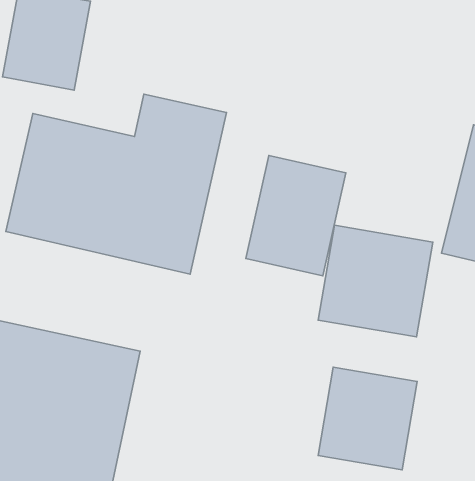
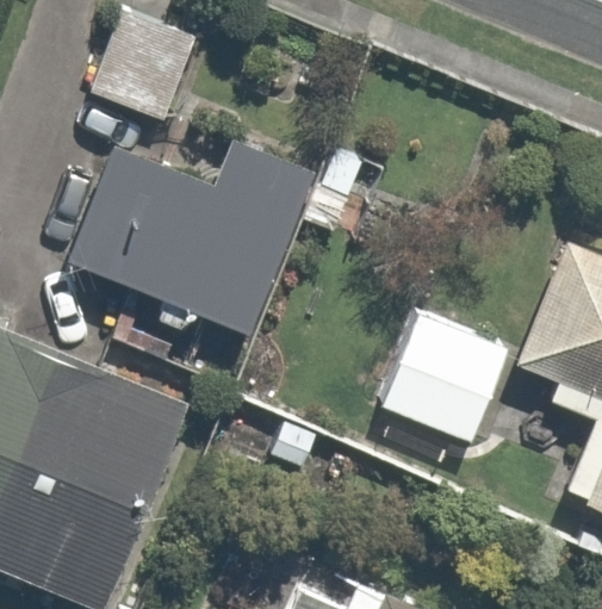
building: [246,156,346,276] -> none
building: [318,367,417,470] -> none

